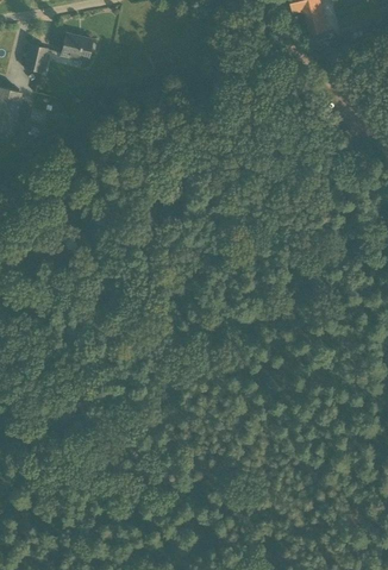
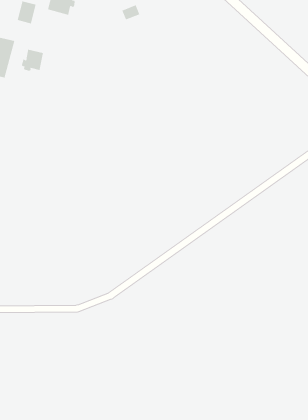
building: none -> [21,49,44,71]

